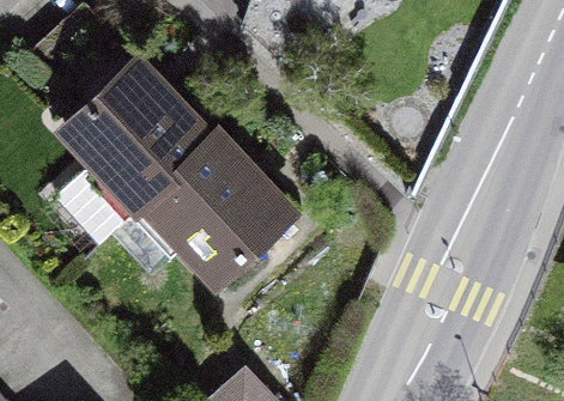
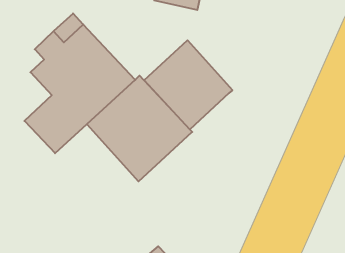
building: none -> [144,40,232,129]

